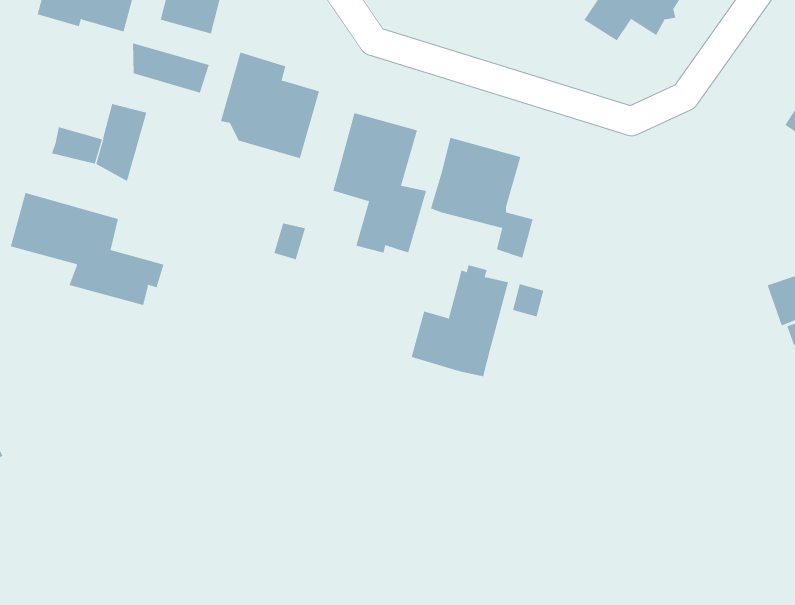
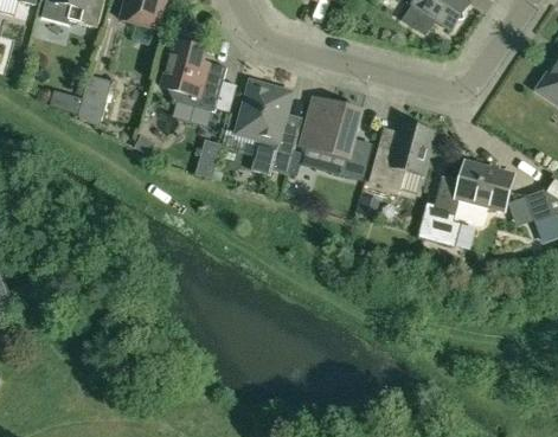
building: [132,43,210,93] -> none
building: [10,192,164,306] -> none
building: none -> [416,162,512,246]
building: [411,264,509,377] -> [367,118,432,193]

